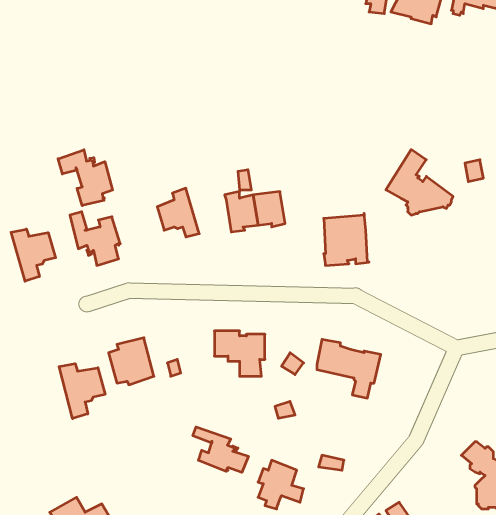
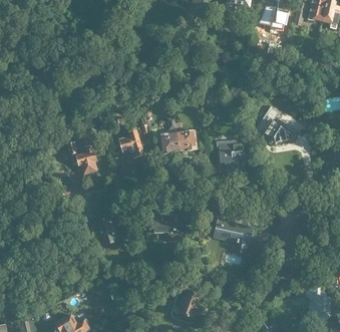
building: [58,150,113,206] -> none
building: [11,229,56,281] -> none
building: [59,364,105,419] -> none
building: [193,427,248,472] -> none

